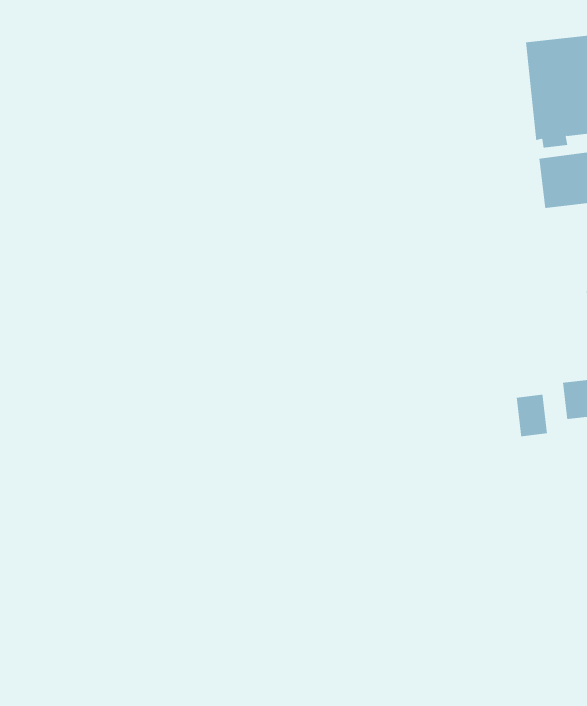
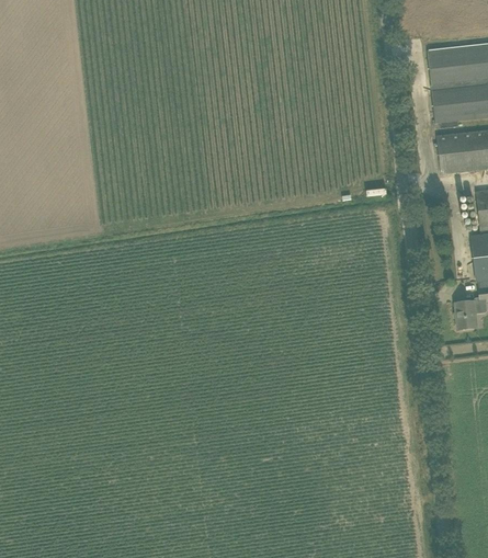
building: [516,394,548,437] -> none

